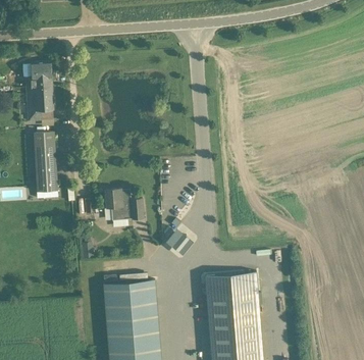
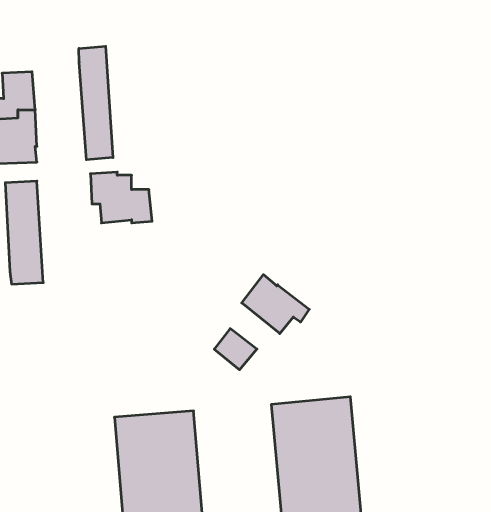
building: none -> [79,46,113,160]
building: [104,190,144,222] -> [90,172,152,223]
building: none -> [242,275,309,334]

